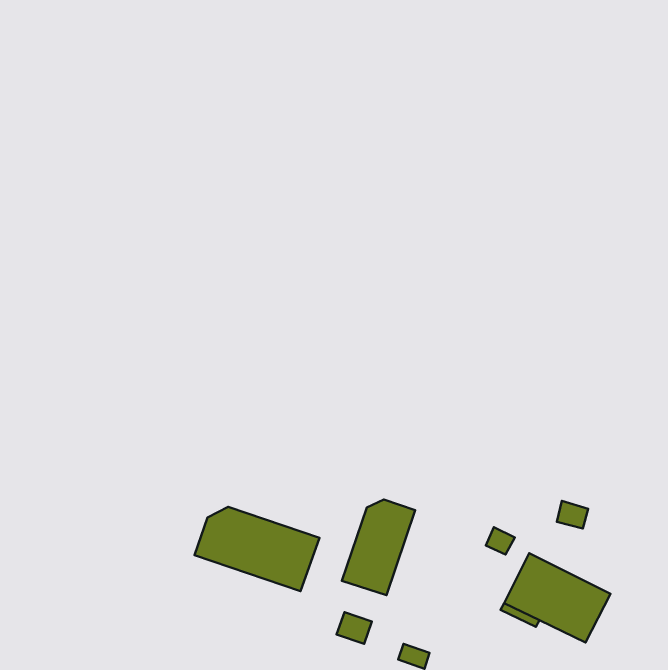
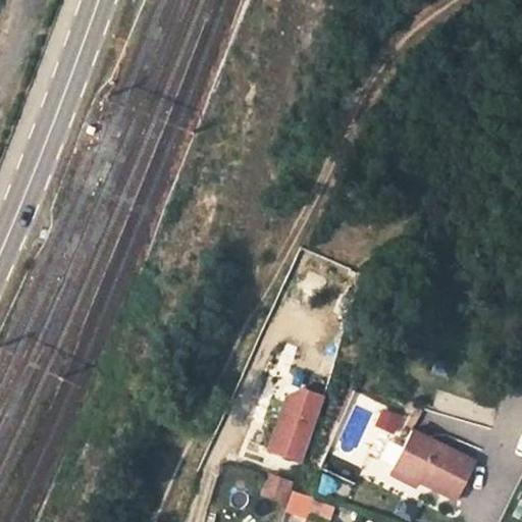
building: [195,507,319,591] -> none

